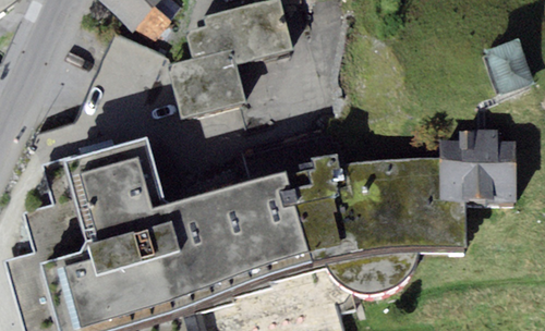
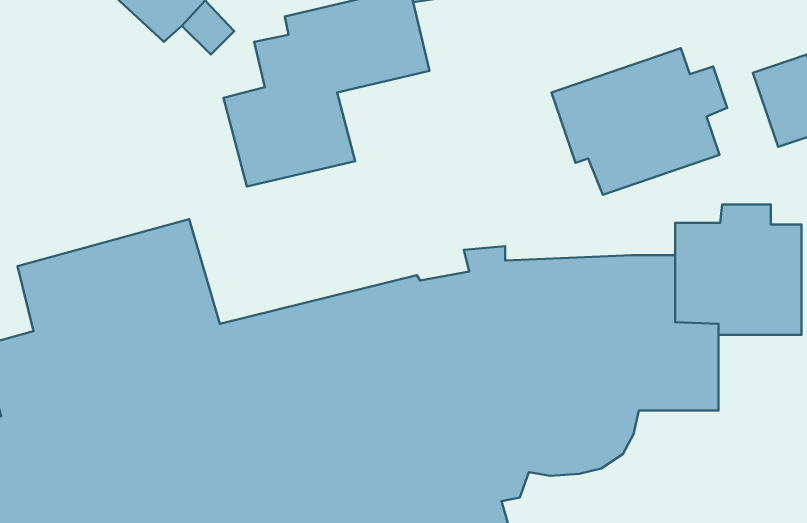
building: none -> [551,48,727,195]

